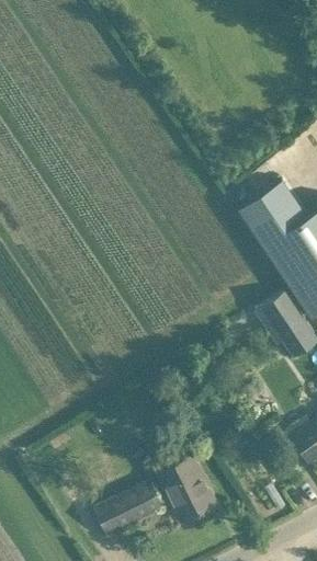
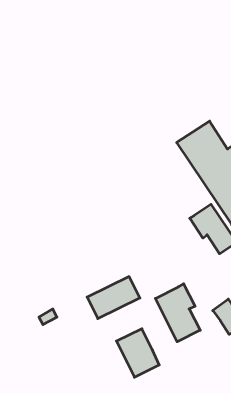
building: none -> [155,284,200,342]
building: [94,480,165,536] -> [87,277,140,319]

